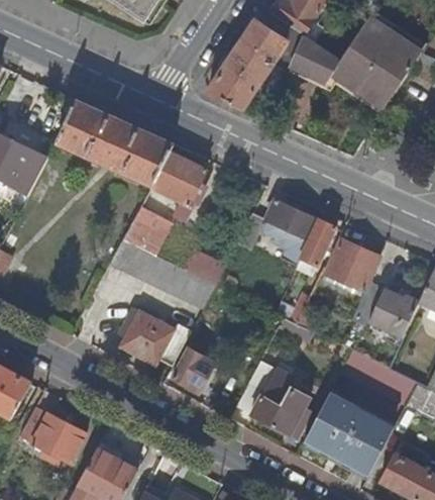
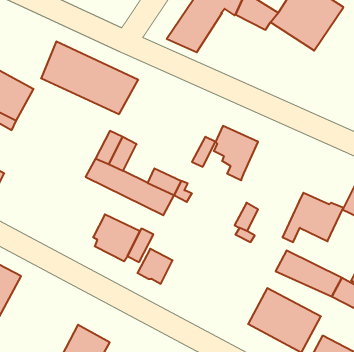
building: [148,152,207,219] -> none
building: [300,219,336,266] -> none
building: [326,239,380,291] -> none
building: [236,361,310,436] -> none
building: [19,406,84,463] -> none

